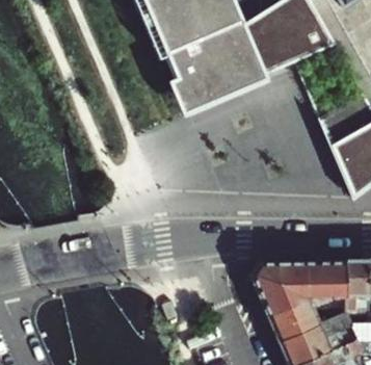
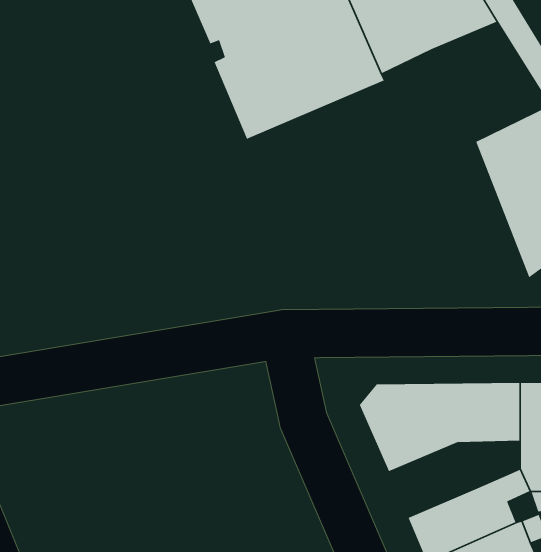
building: [268,297,321,342] -> none

